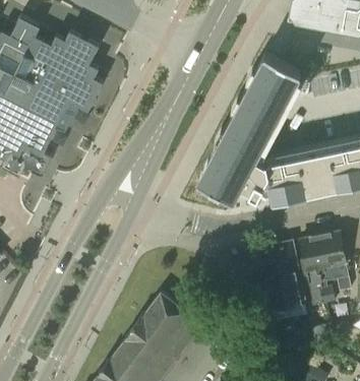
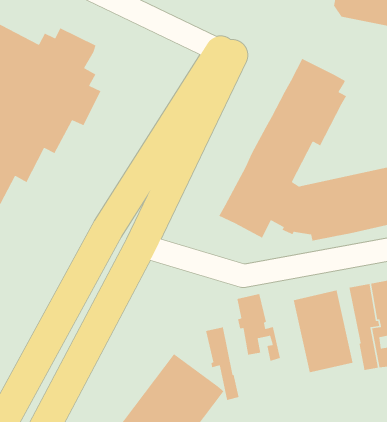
building: none -> [237,293,281,362]
building: none -> [205,326,239,401]

